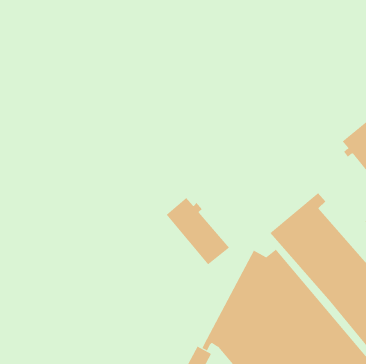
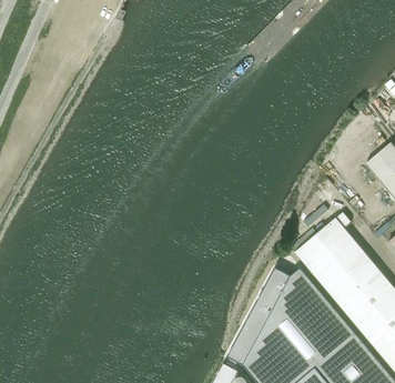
building: [166,197,230,265] -> none

